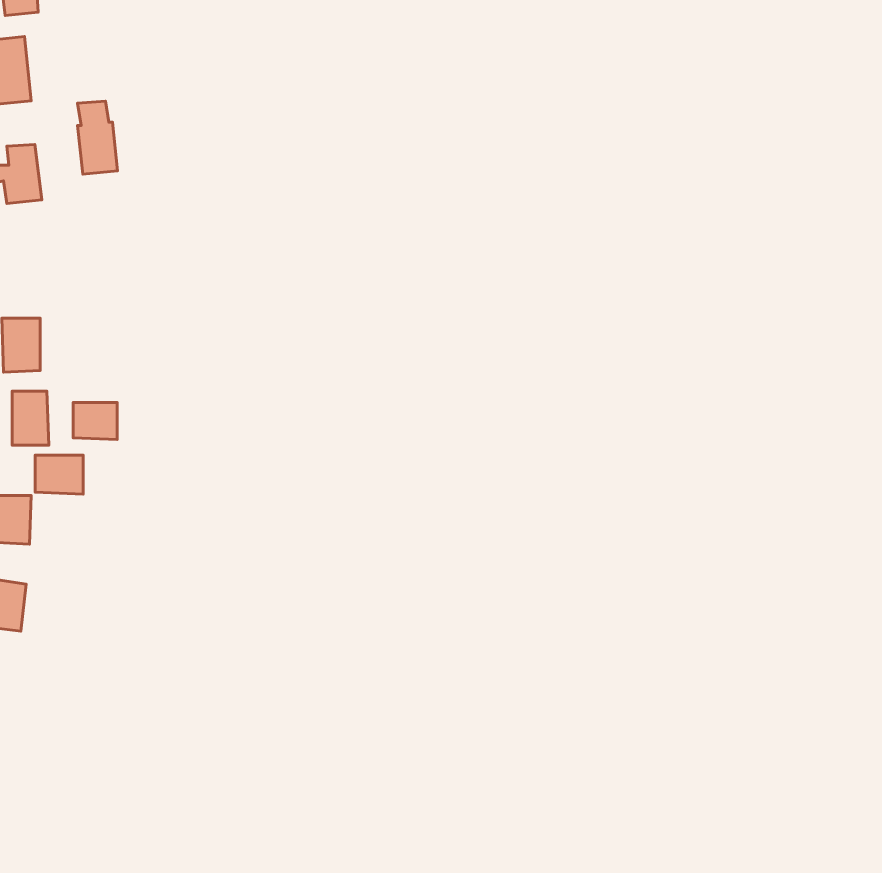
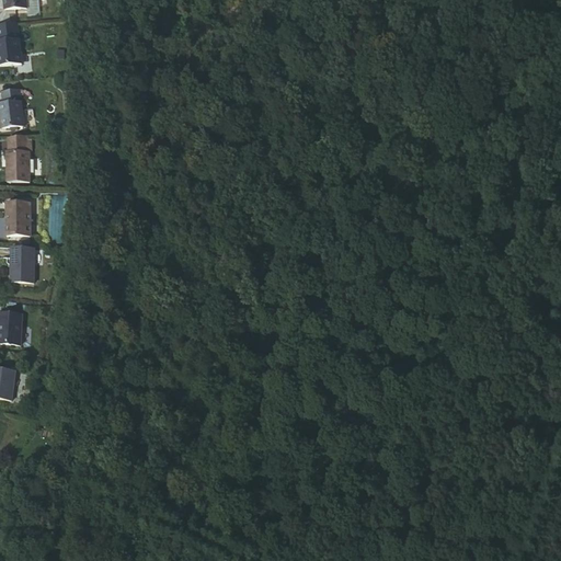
building: [78,101,118,174] -> [11,136,36,182]
building: [73,403,117,440] -> none
building: [35,455,83,494] -> none

